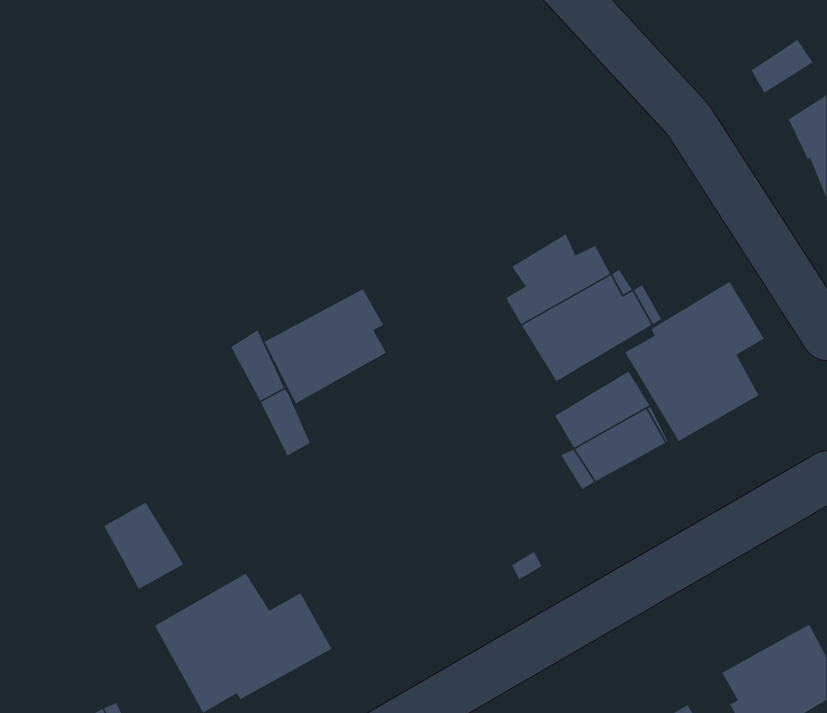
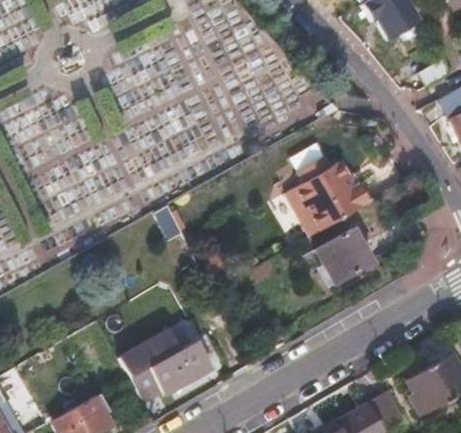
building: [624,281,765,442] -> none
building: [263,288,387,404] -> none
building: [103,502,185,590] -> none

